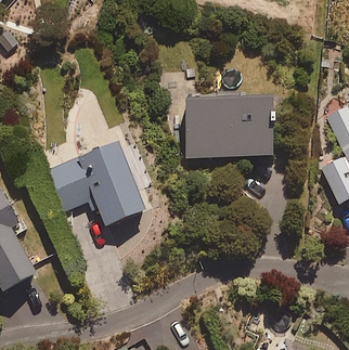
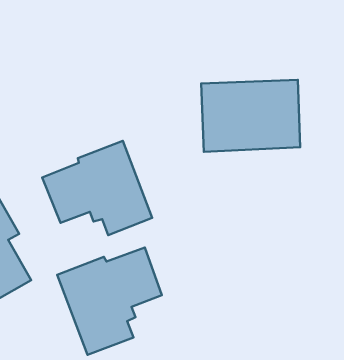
building: none -> [57,248,162,355]

